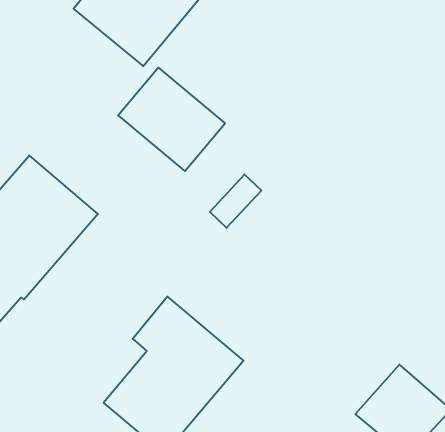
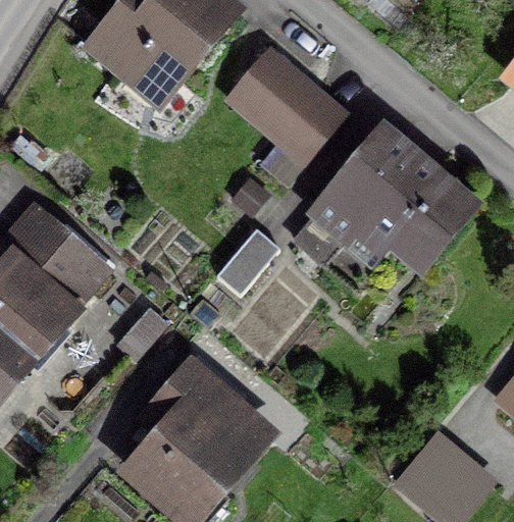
building: [118,68,225,171] -> [230,50,347,162]
building: none -> [308,127,469,274]

